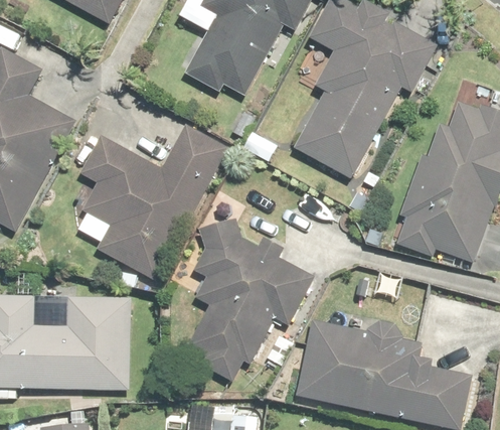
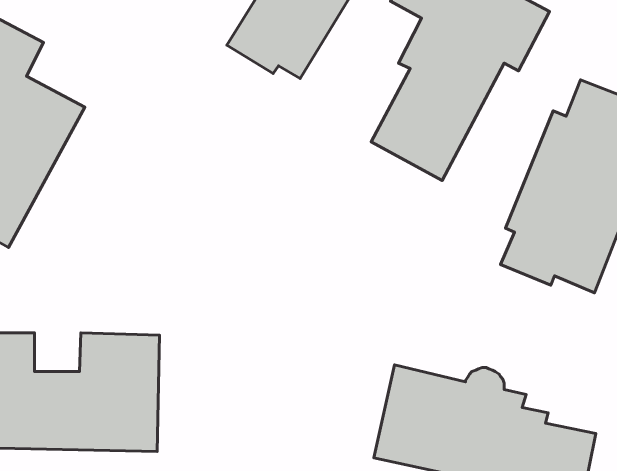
building: [82,126,225,278] -> none
building: [184,223,314,383] -> none

